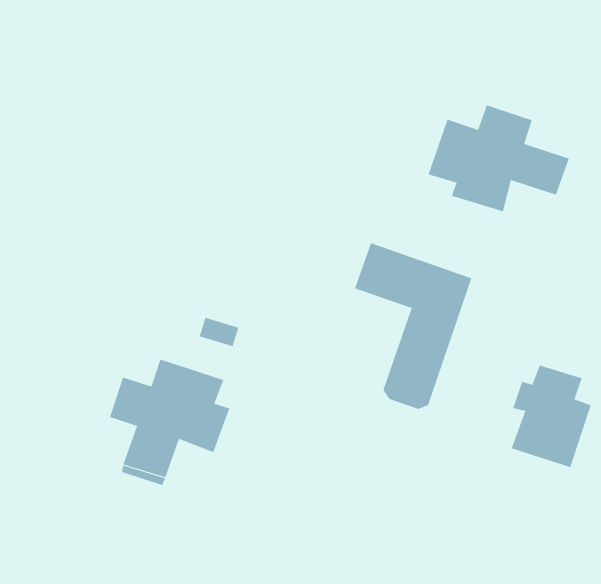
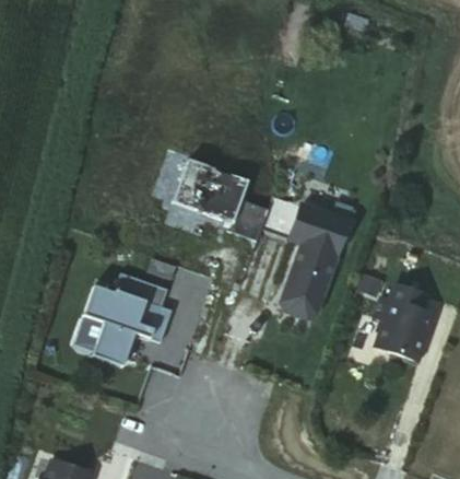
building: [428,104,570,212] -> none
building: none -> [172,160,267,240]

